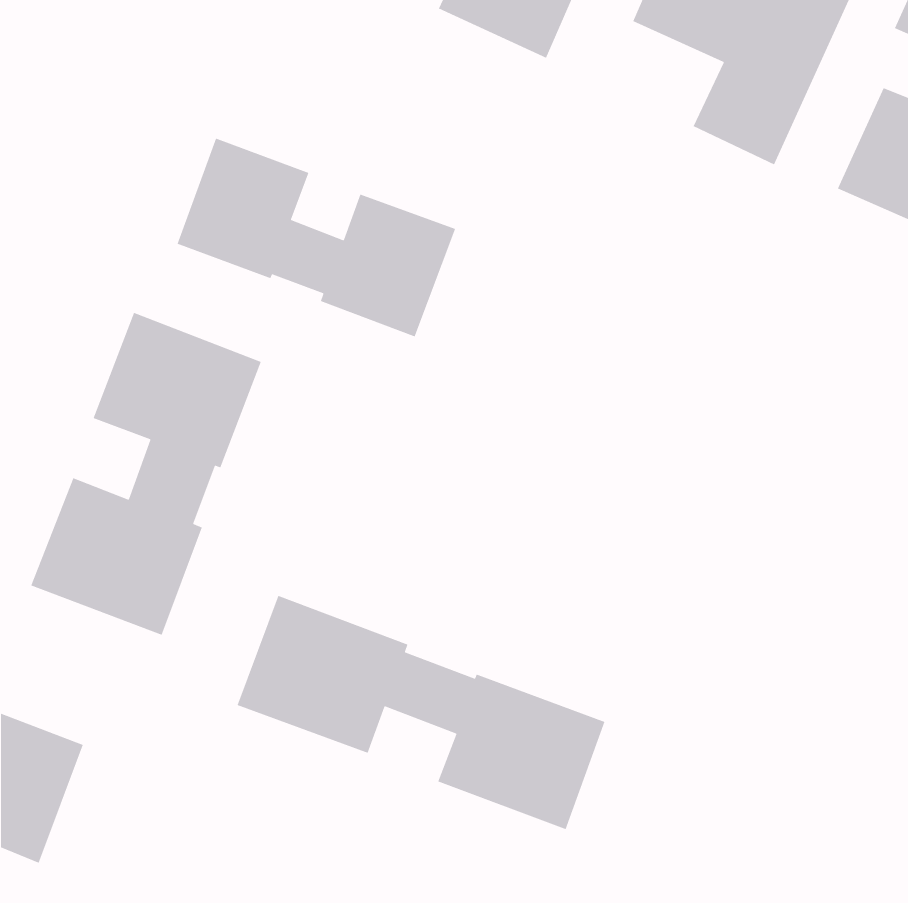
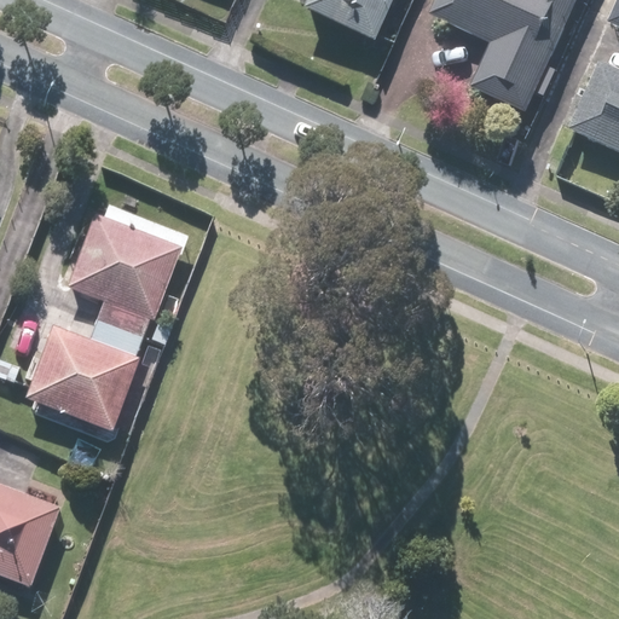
building: [176,137,456,337] -> none
building: [236,595,605,830] -> none

